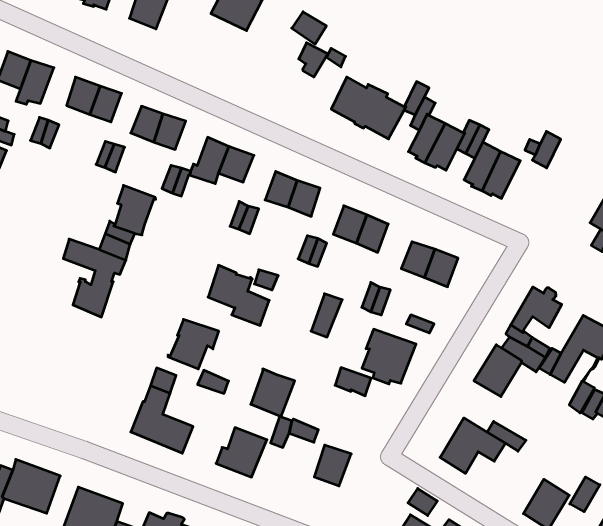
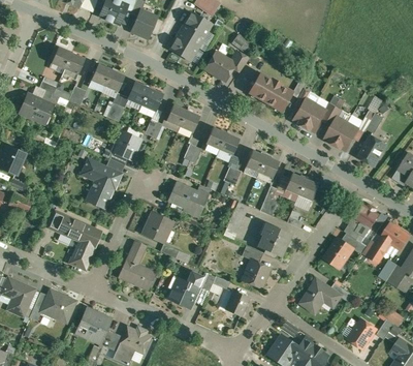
building: none -> [170,31,200,61]
building: none -> [204,55,234,82]
building: none -> [357,135,385,166]
building: none -> [49,212,101,270]
building: [251,369,295,416] -> [242,260,268,288]

